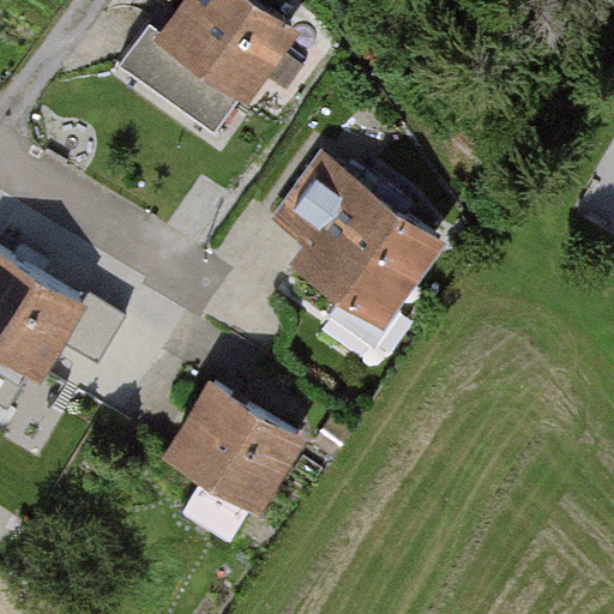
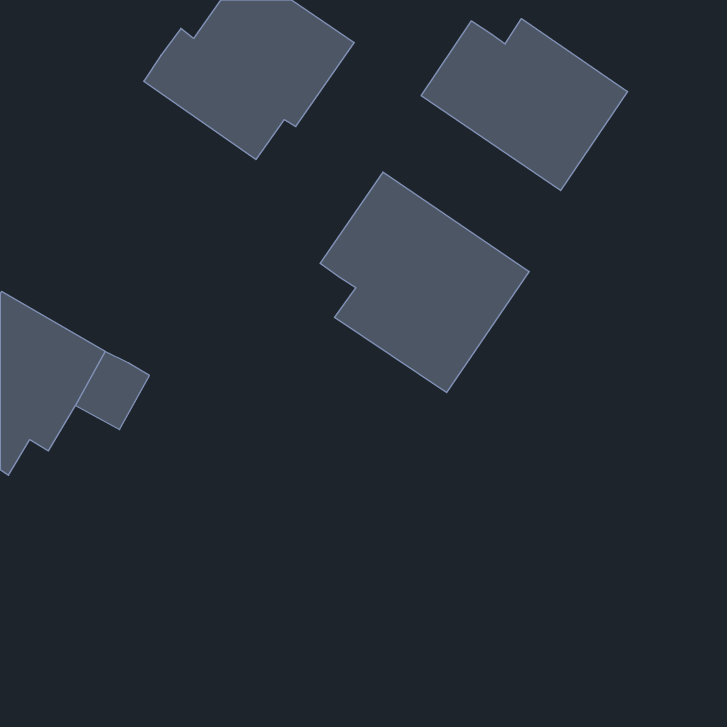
building: none -> [421,19,628,191]
building: [168,385,302,513] -> none

